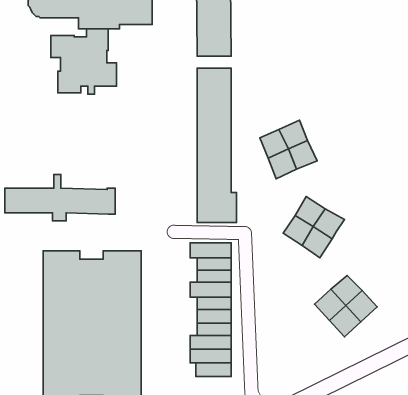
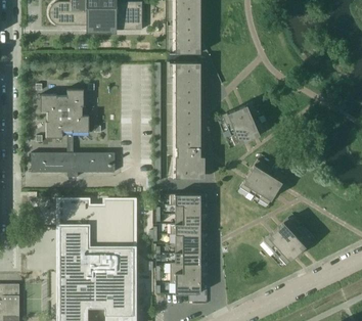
building: [51,29,116,94] -> [41,90,90,139]

